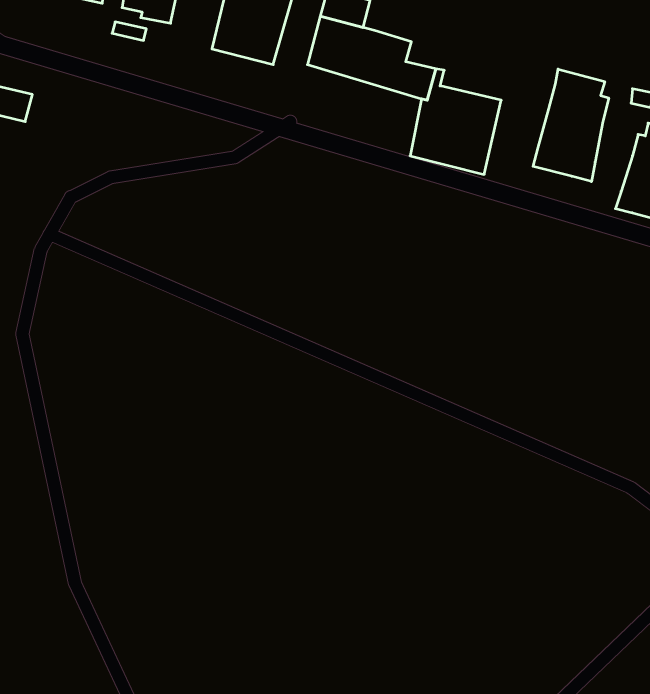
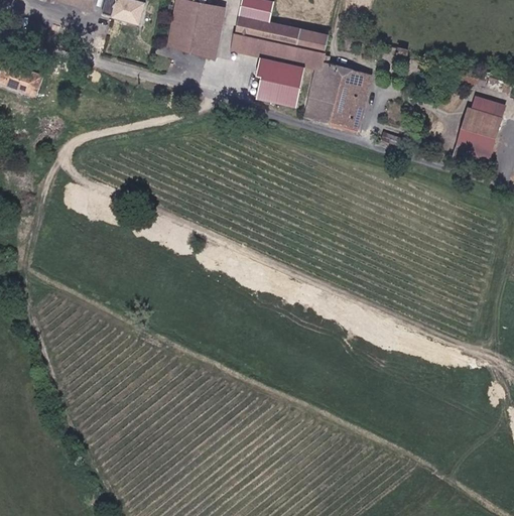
building: [533,69,609,182] -> none
building: none -> [250,71,296,102]

